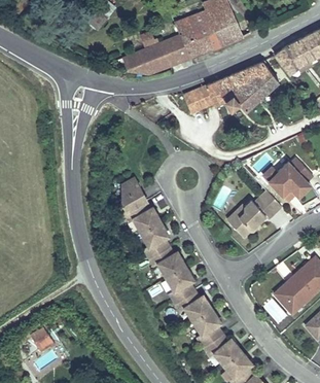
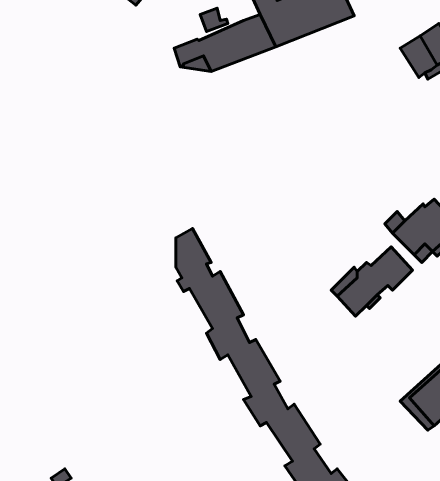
building: [187,63,278,111] -> none

